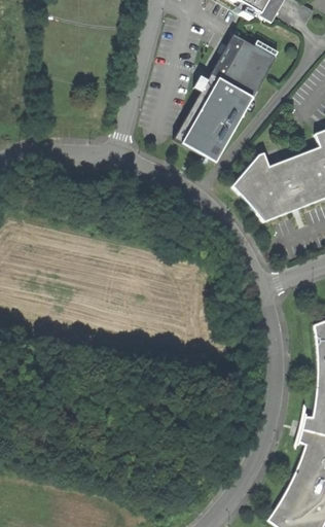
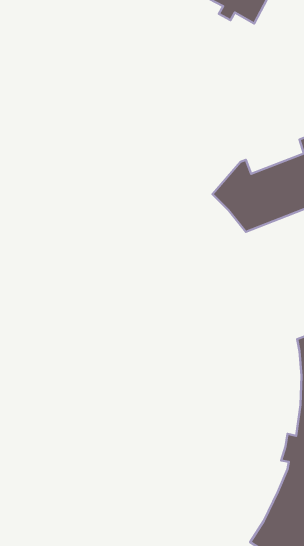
building: [212,33,276,98] -> none
building: [175,80,248,166] -> none

